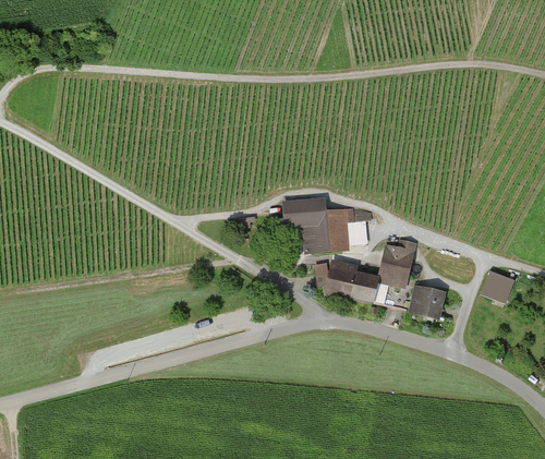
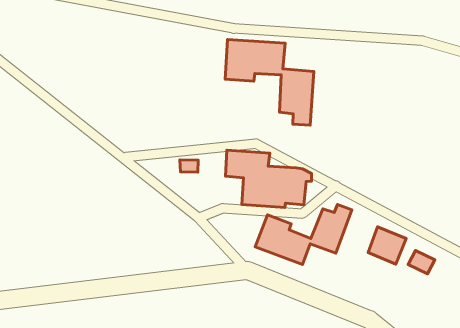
building: none -> [225,39,314,125]
building: [409,285,445,319] -> [368,227,406,264]

